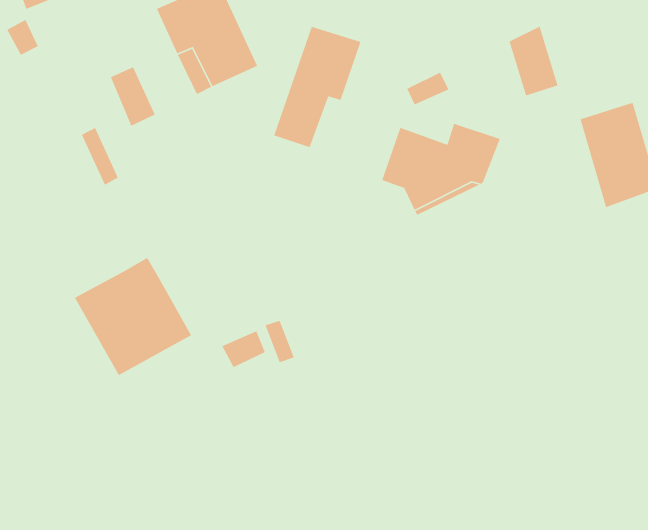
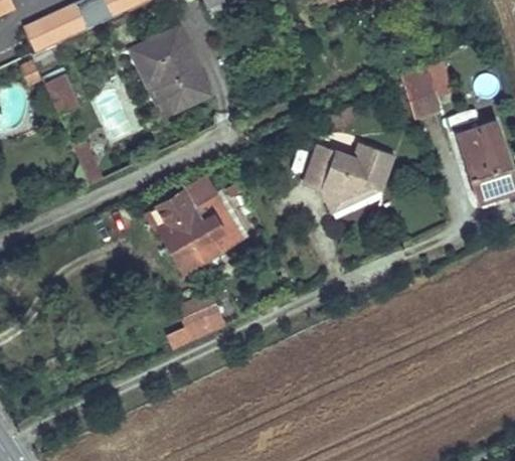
building: [273,26,362,148] -> none
building: none -> [45,73,82,116]
building: [74,257,192,376] -> [151,179,241,271]

